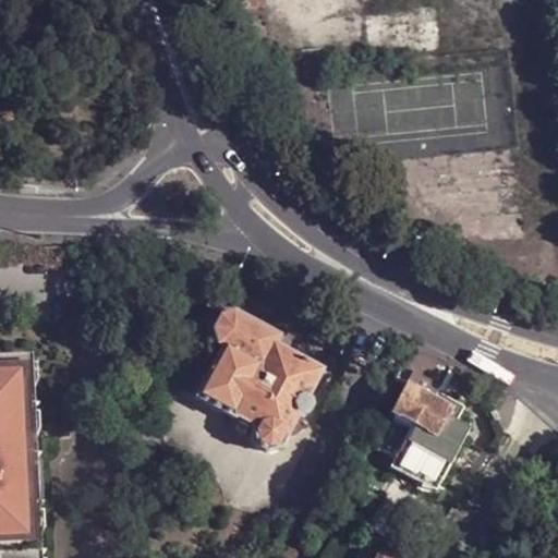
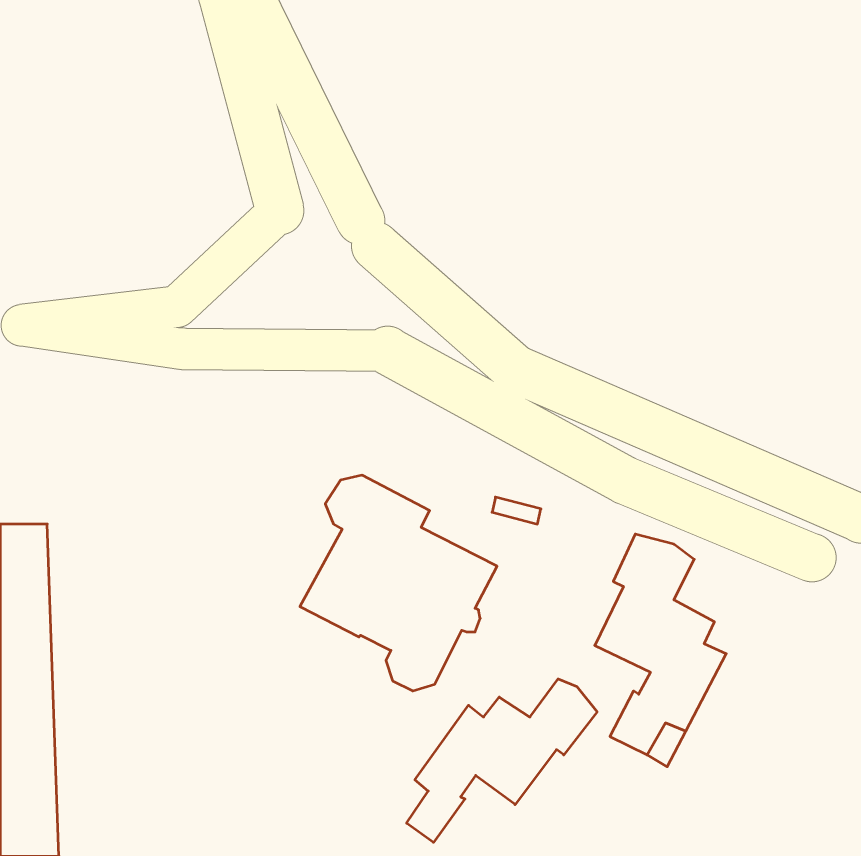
building: none -> [407,679,597,842]

